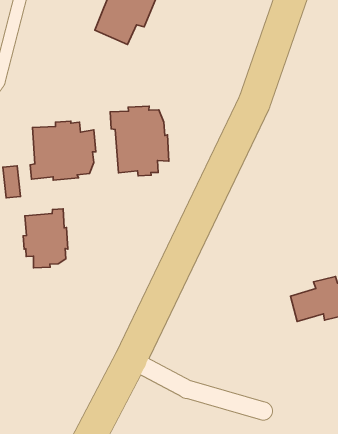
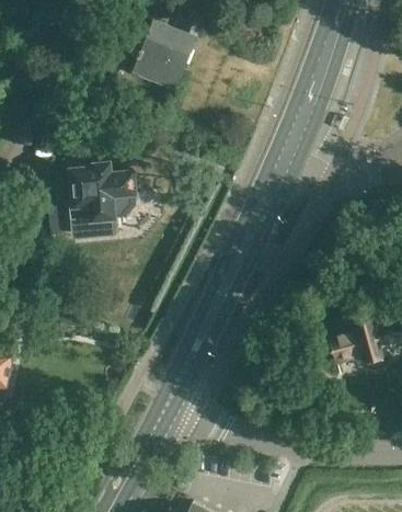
building: [110,106,169,176] -> none
building: [23,209,68,268] -> none

